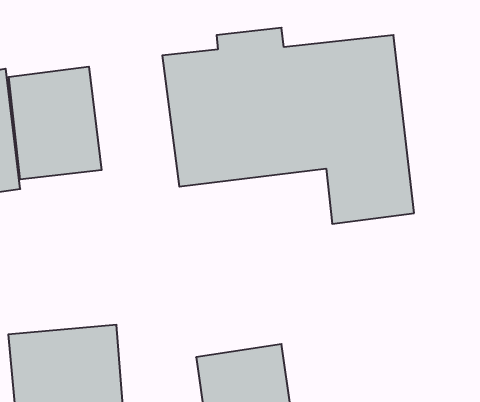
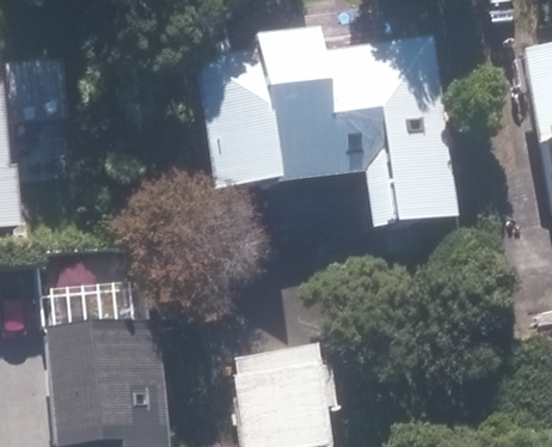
building: [9,67,102,179] -> none

